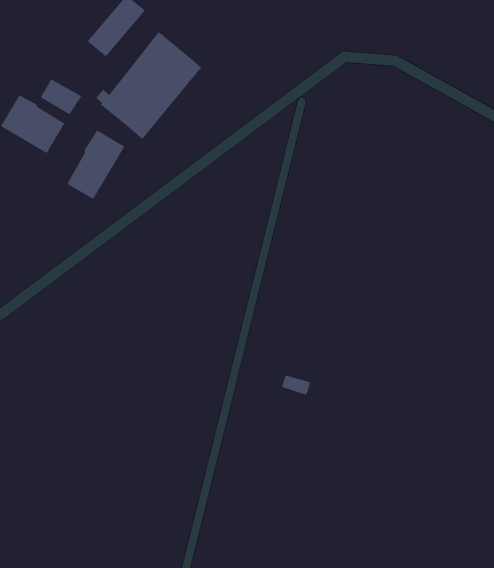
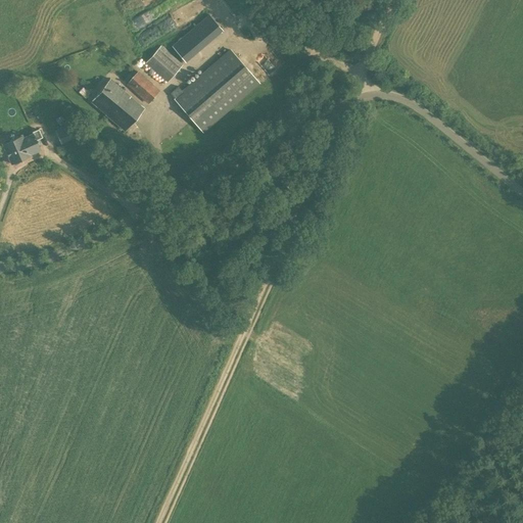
building: none -> [146,46,183,82]
building: [66,130,125,200] -> none

